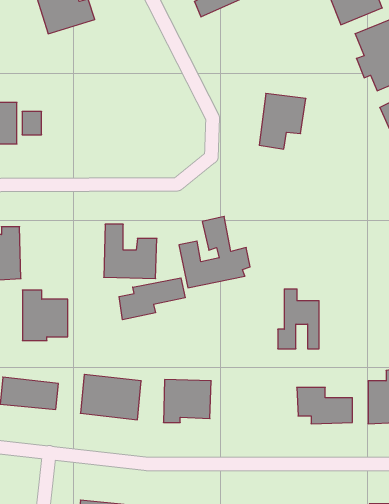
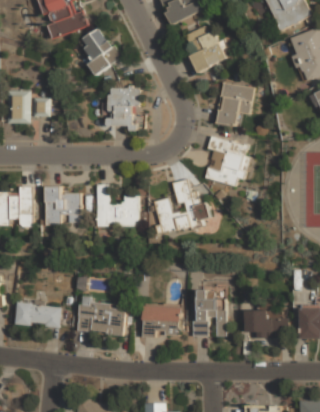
building: none -> [80,26,120,72]
building: none -> [186,26,229,72]
building: none -> [108,87,137,127]
building: none -> [205,136,248,185]
building: [119,278,185,320] -> none
building: [278,289,319,349] -> [193,290,225,336]
building: [22,290,68,341] -> [45,186,80,225]

